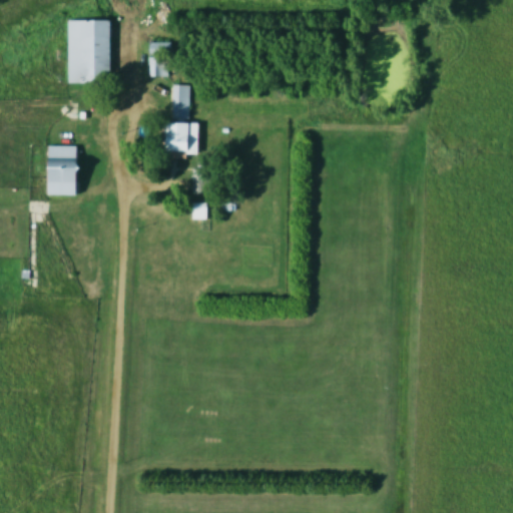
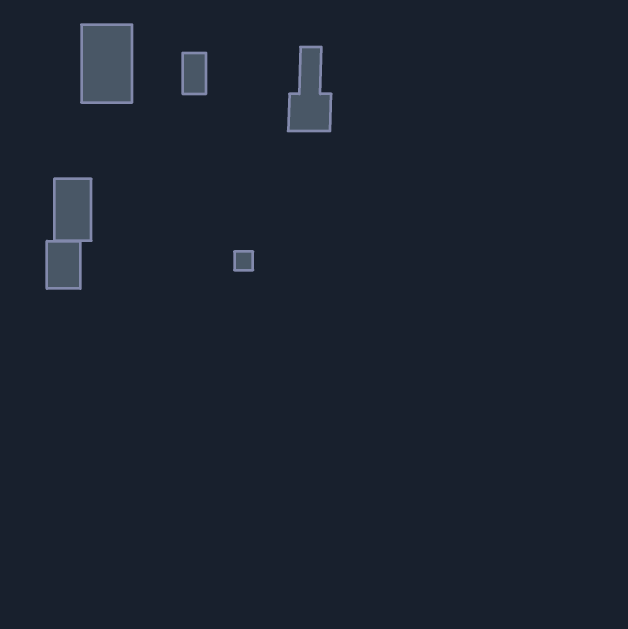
building: [163,85,198,153] -> [288,47,331,131]
building: none -> [47,241,80,289]

